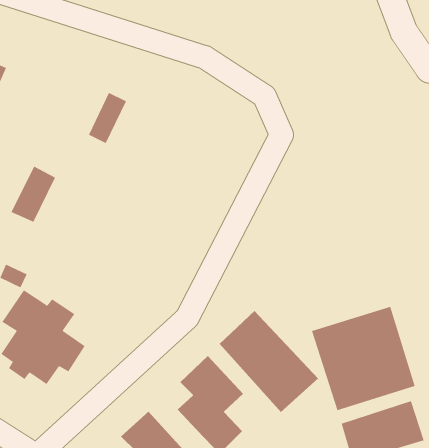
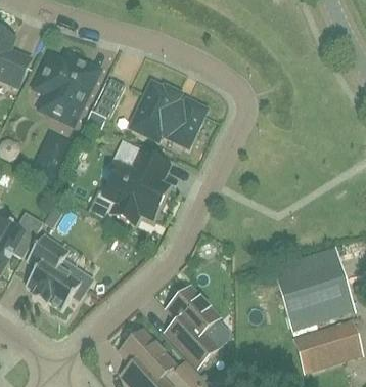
building: none -> [37,54,96,120]
building: none -> [131,82,204,143]
building: none -> [104,137,168,221]
building: [219,310,319,413] -> none

